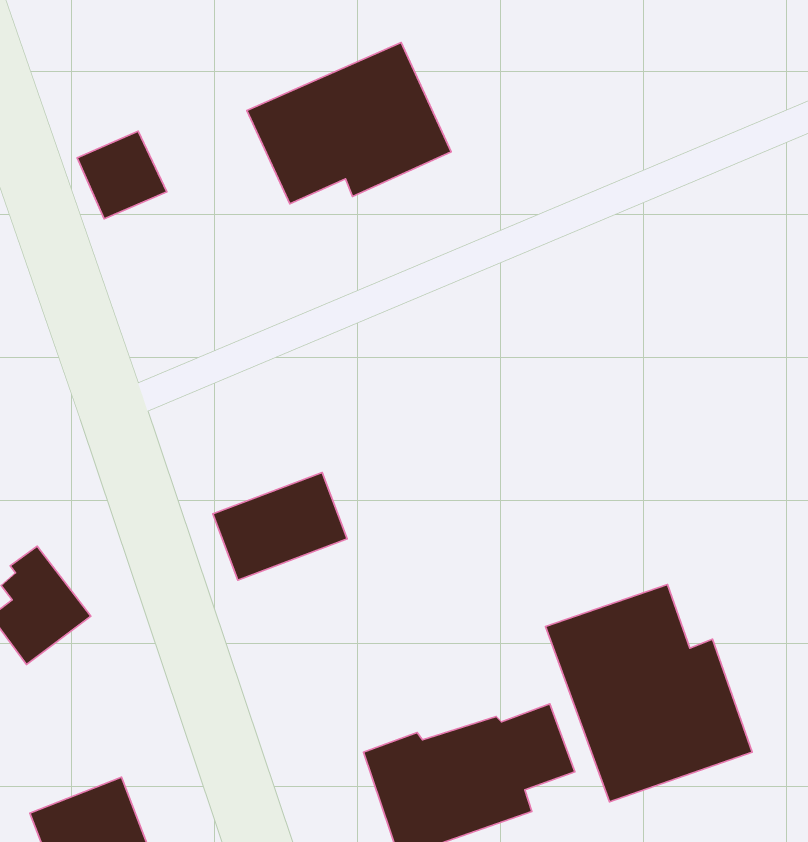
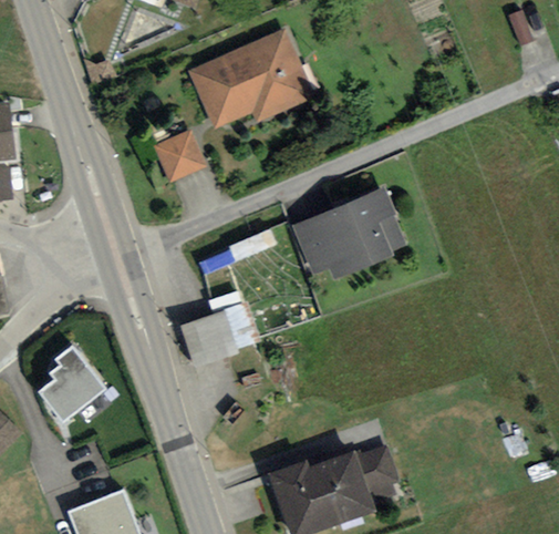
building: [77,131,167,219] -> [159,133,215,187]
building: none -> [287,182,404,280]
building: [545,584,752,802] -> none

